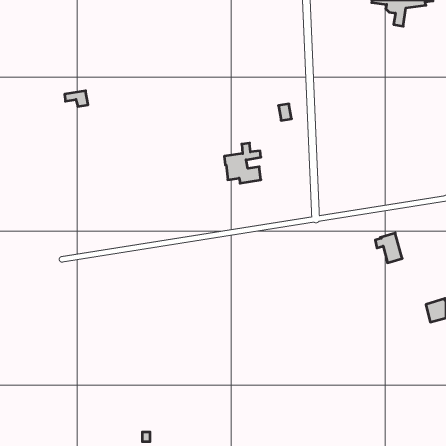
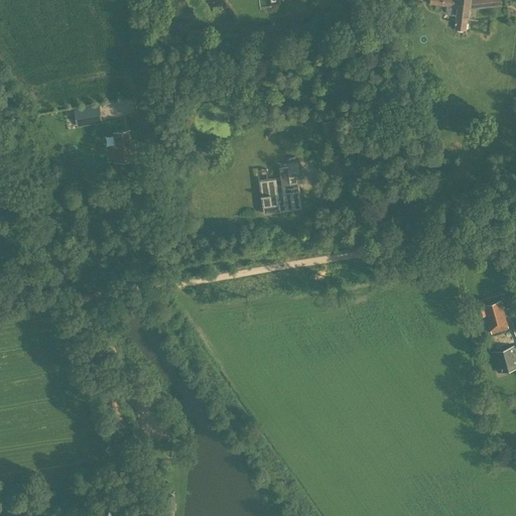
building: none -> [112,130,137,162]
building: [375,233,402,263] -> [477,299,508,334]

